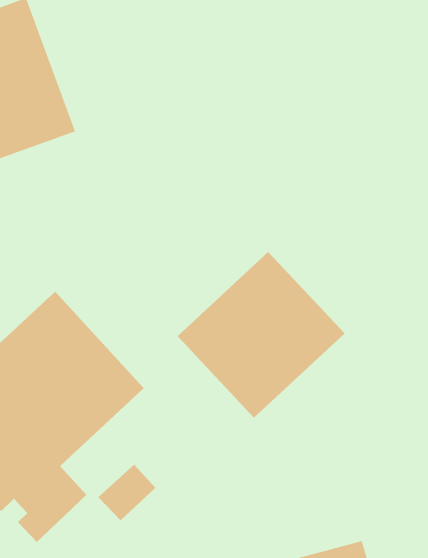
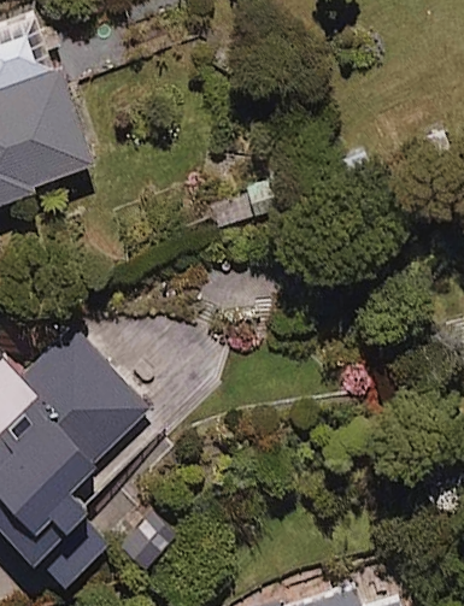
building: [177,251,345,418] -> none

